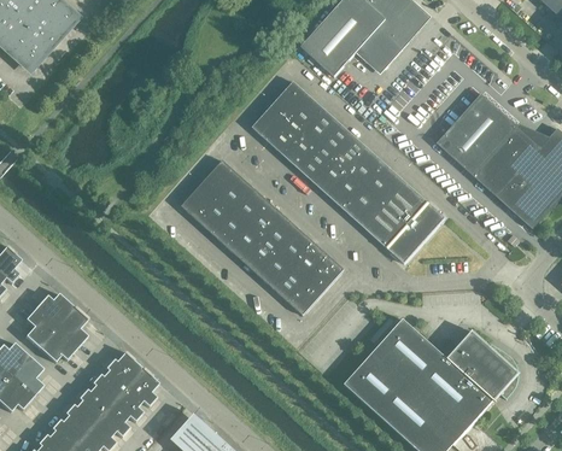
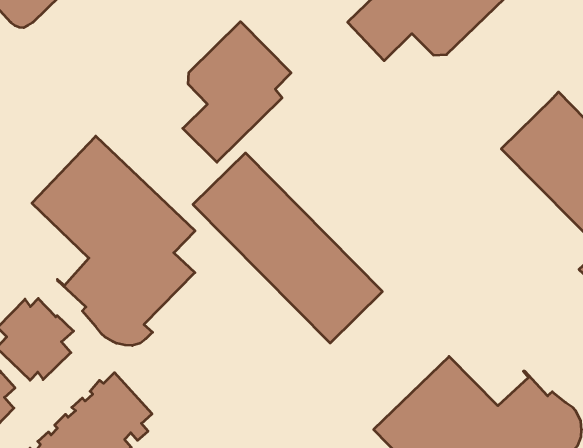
building: none -> [183,22,291,162]
building: [251,81,444,263] -> none
building: none -> [32,136,195,346]

